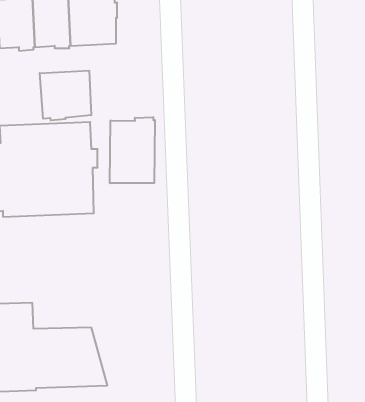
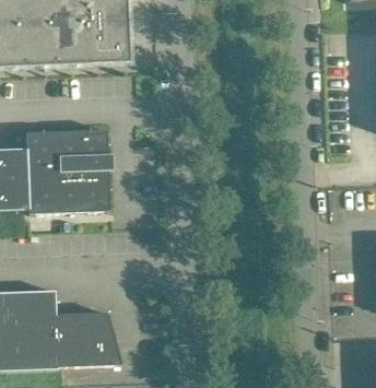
building: [40,71,91,120] -> none
building: [110,117,155,183] -> none

